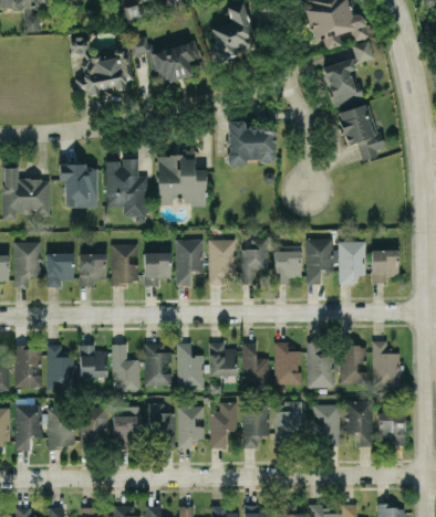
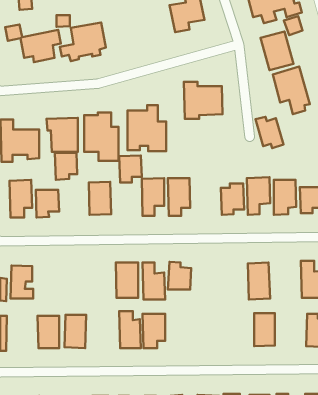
building: [131,36,199,83] -> [5,25,61,62]
building: none -> [255,117,283,148]
building: [241,240,269,285] -> none
building: [144,253,172,286] -> [119,155,142,182]
building: [79,254,106,287] -> [55,153,77,180]
building: [274,342,302,386] -> none
building: [243,344,270,388] -> none
building: [48,345,74,391] -> none
building: [80,345,107,378] -> none
building: [113,345,139,390] -> none
building: [340,346,367,384] -> none
building: [242,402,269,449] -> none
building: [345,402,373,447] -> none
building: [210,403,238,449] -> none
building: [276,403,302,436] -> none
building: [15,404,42,451] -> none
building: [113,407,141,450] -> none

